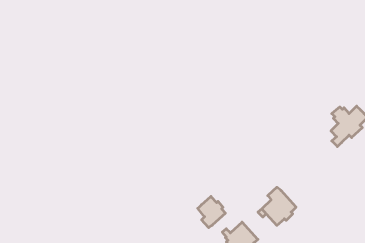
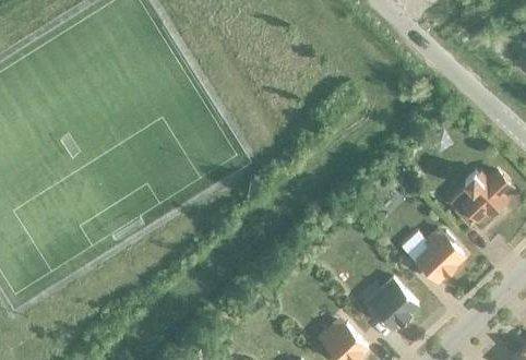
building: none -> [410,230,459,279]
building: [198,196,225,228] -> none

